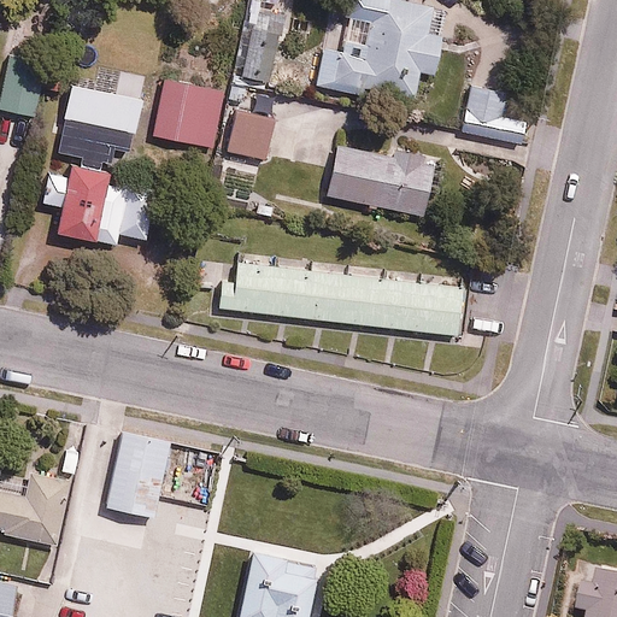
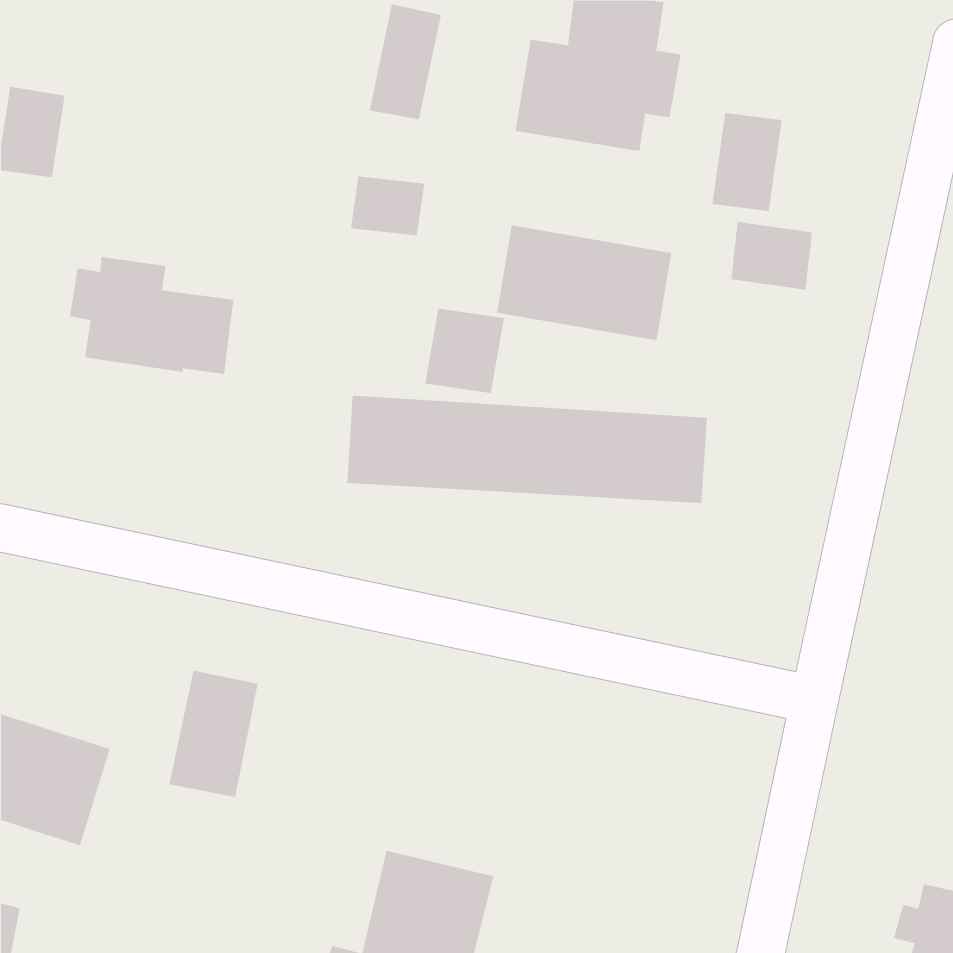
building: [152,80,222,147] -> none
building: [58,83,140,169] -> none
building: none -> [731,221,812,291]
building: none -> [425,308,504,394]

